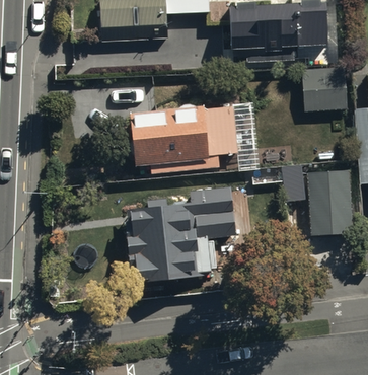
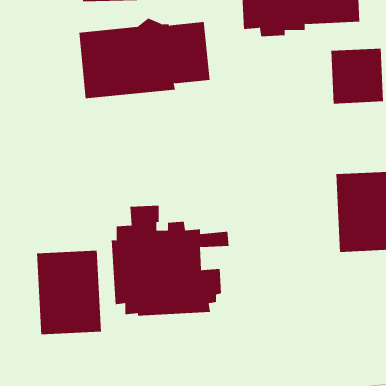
building: [131,103,238,169] -> [78,18,211,99]
building: none -> [37,250,101,335]

